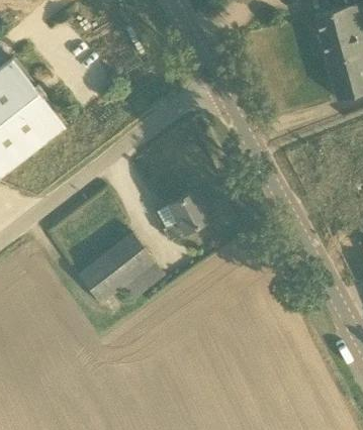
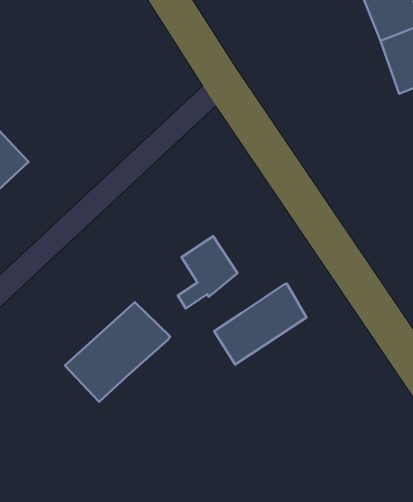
building: none -> [214,283,306,365]

